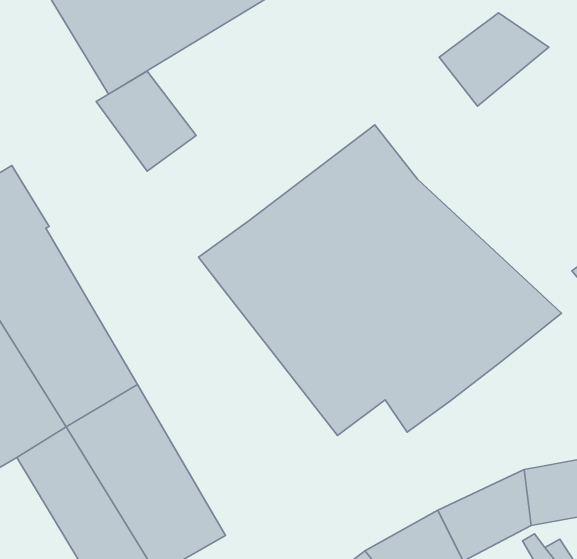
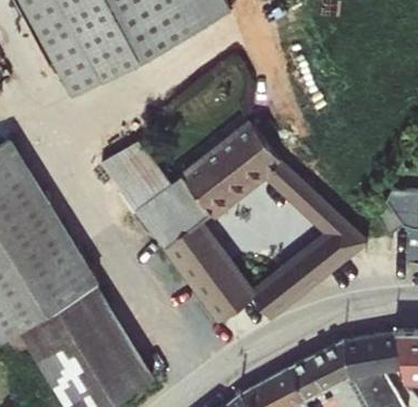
building: [439,13,549,106] -> none
building: [96,71,196,171] -> [103,141,167,205]

